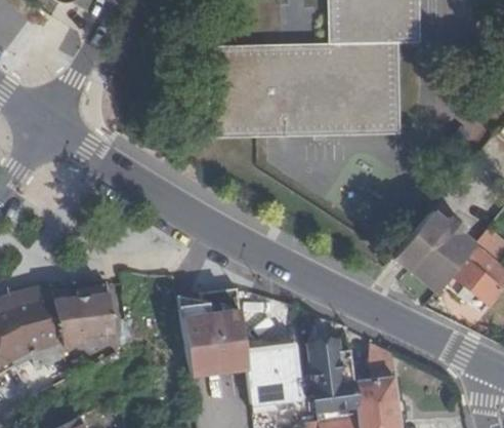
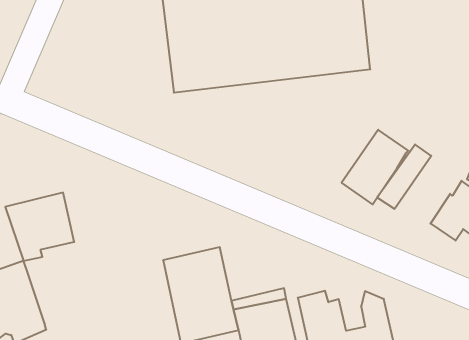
building: [410,222,476,293] -> [342,130,408,204]
building: [53,284,116,346] -> [5,193,74,261]

